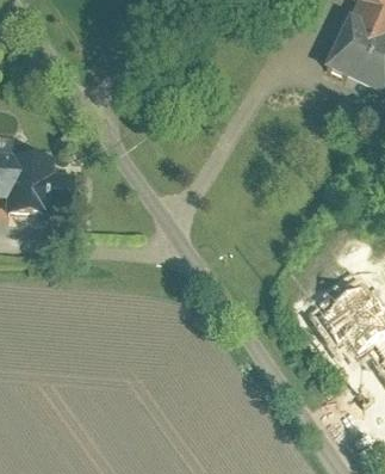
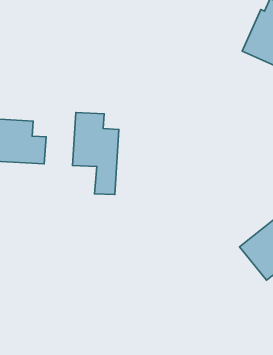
building: none -> [72,112,119,194]

